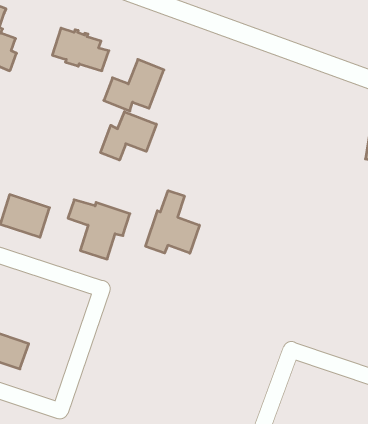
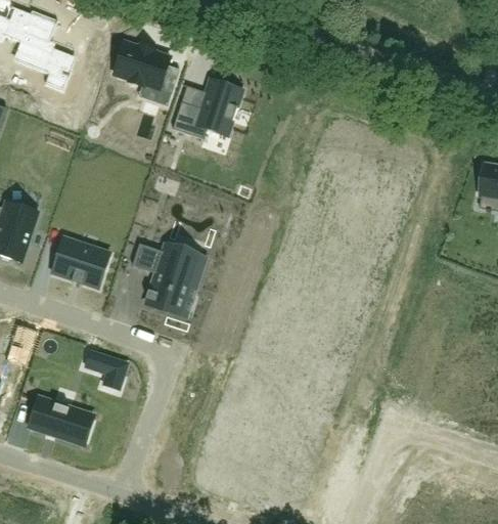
building: [101,112,156,160] -> none
building: [146,191,199,253] -> none
building: none -> [91,353,127,389]

